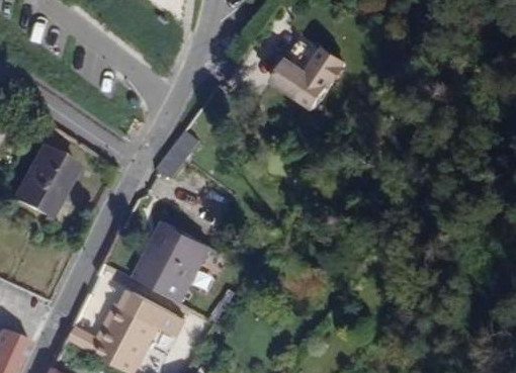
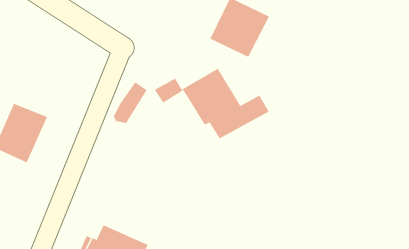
building: none -> [154,68,270,139]
building: [132,221,209,303] -> none

